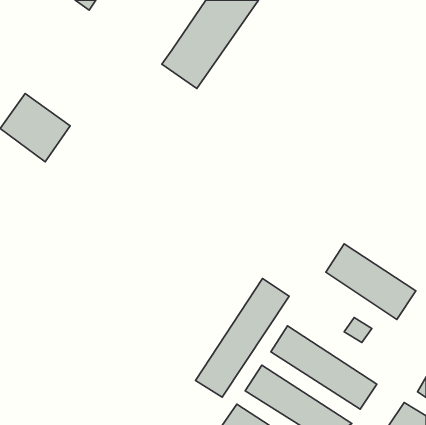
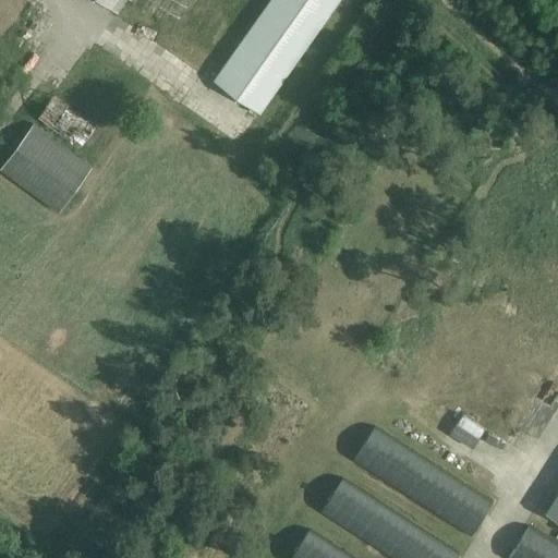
building: [326,244,416,319] -> none
building: [196,278,289,397] -> none

